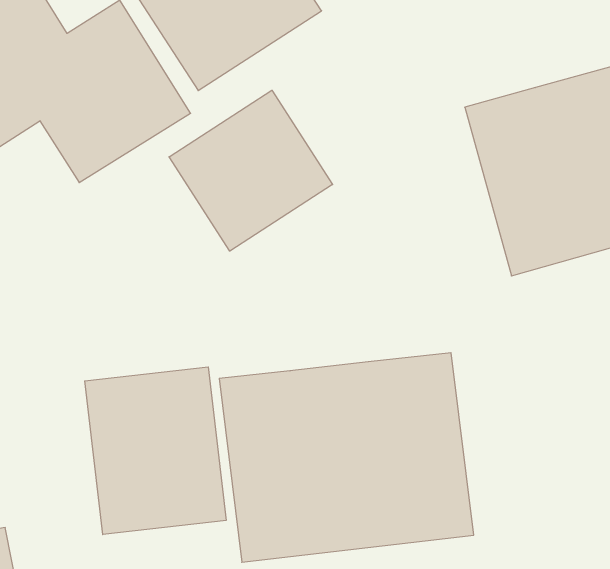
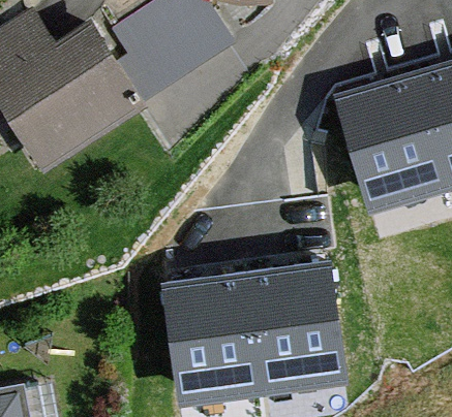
building: [169,90,333,251] -> none
building: [85,367,226,535] -> none

